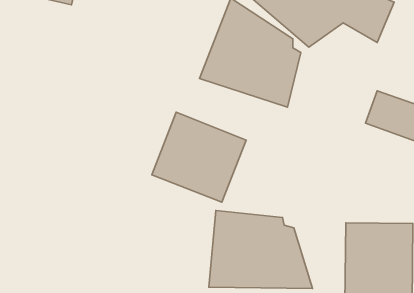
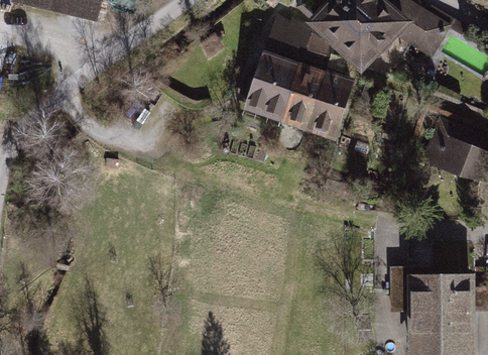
building: [152,112,246,202] -> none
building: [209,211,312,288] -> none

